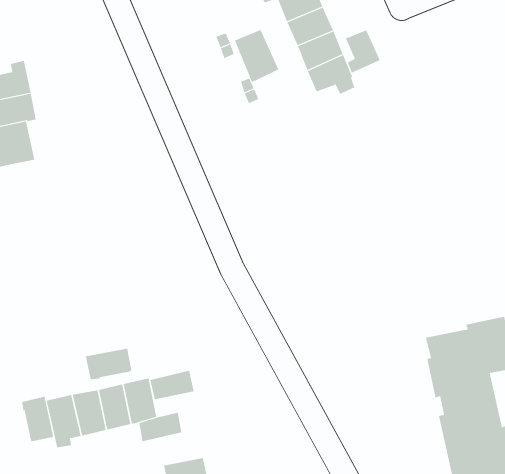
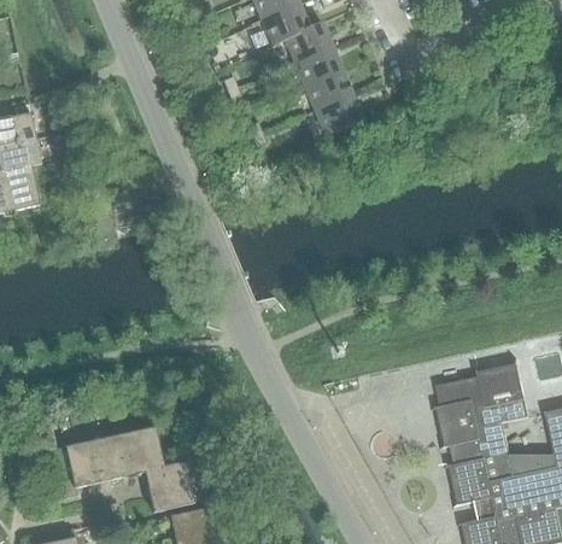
building: [234,29,279,83] -> none
building: [345,30,381,73] -> none
building: [85,348,132,380] -> none
building: [149,370,194,400] -> [147,481,193,511]
building: [22,396,54,442] -> none

